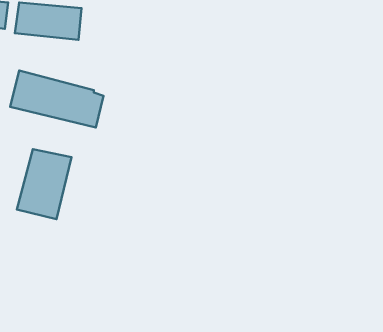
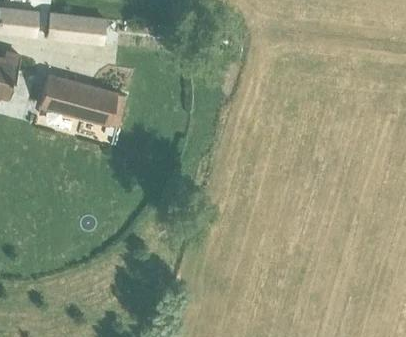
building: [17,149,72,219] -> none

